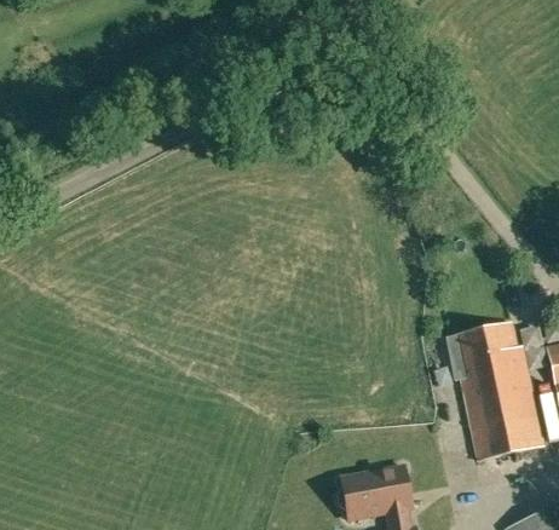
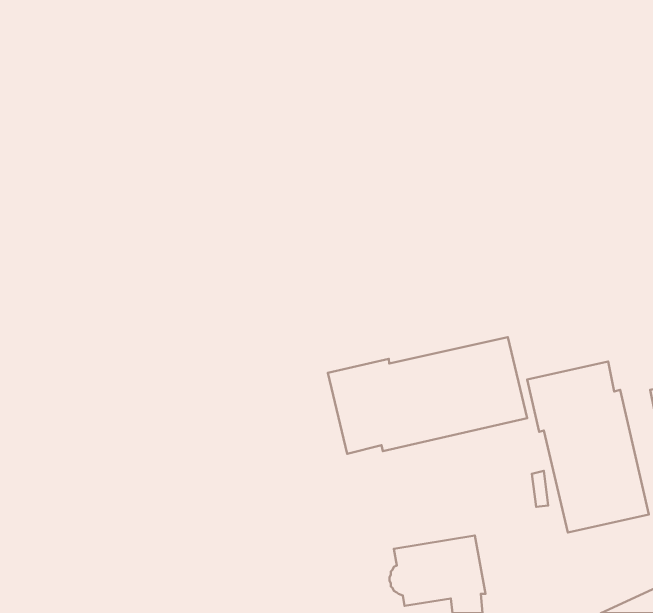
building: none -> [328,337,527,454]

